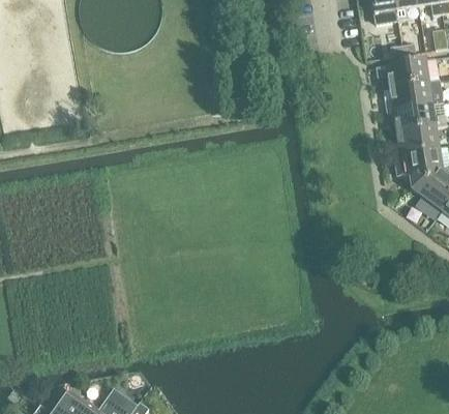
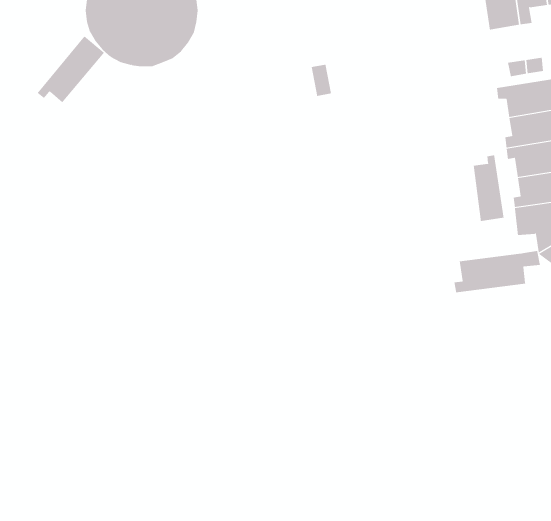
building: none -> [37,36,105,103]
building: none -> [473,155,504,222]
building: none -> [454,250,541,293]

